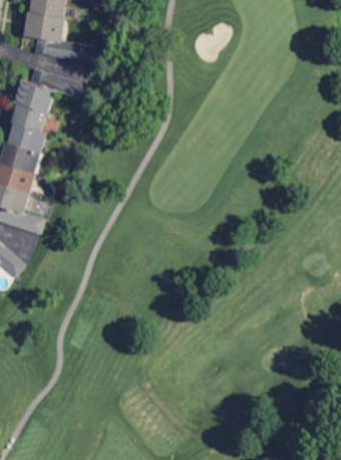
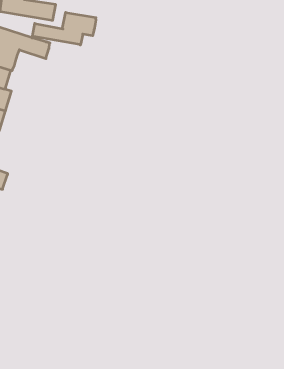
building: none -> [33,12,96,45]

